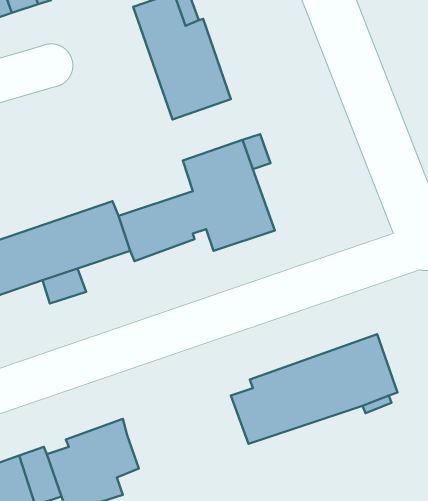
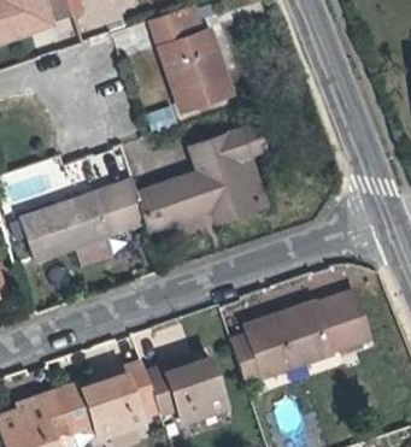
building: none -> [146,357,227,418]

